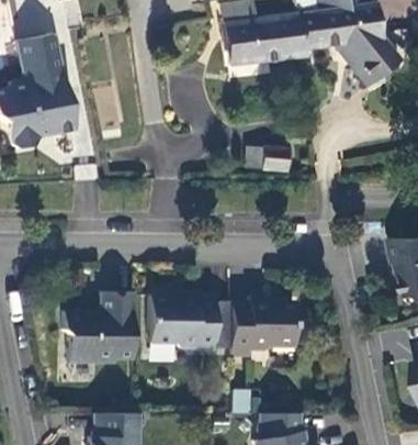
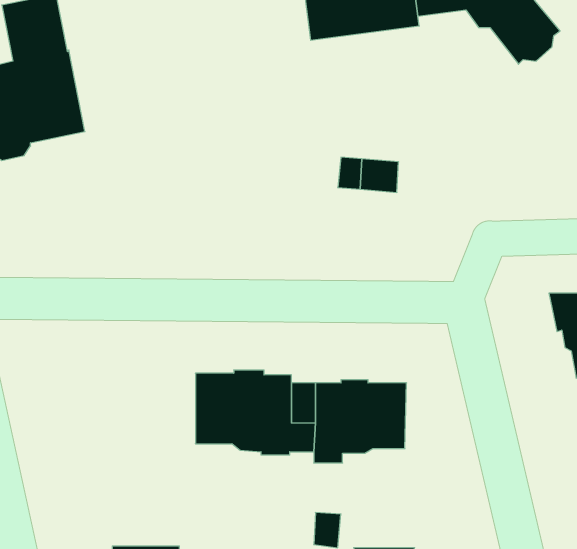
building: [64,292,133,361] -> none

